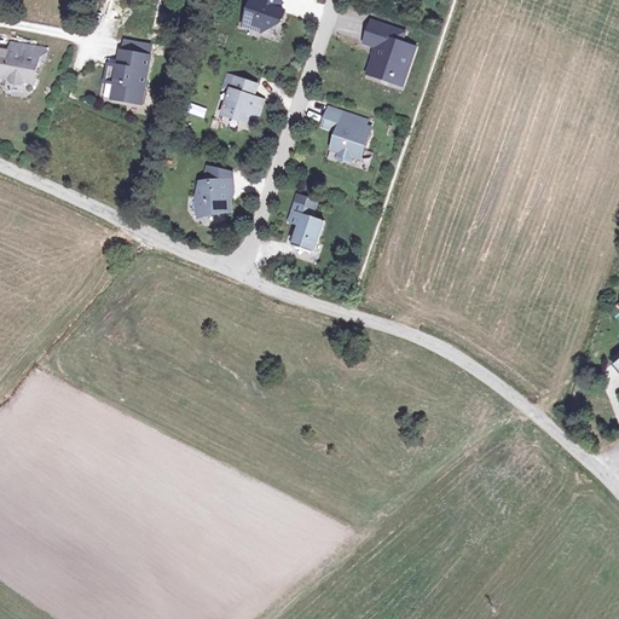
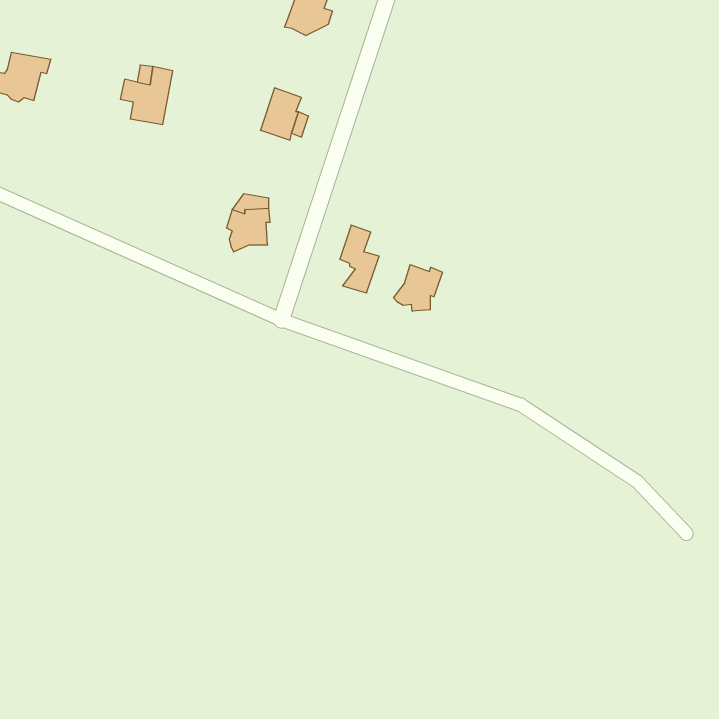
building: [364,19,413,77] -> none
building: [316,102,369,162] -> none
building: none -> [394,265,443,311]

